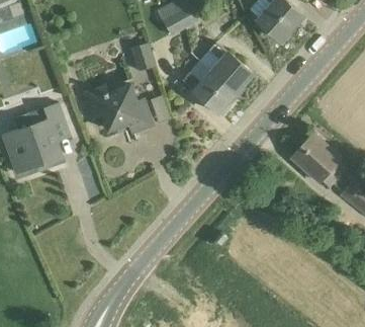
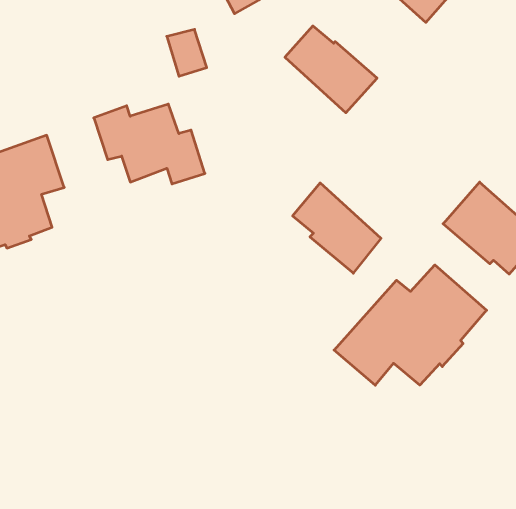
building: [183,60,235,112] -> [293,183,381,273]
building: none -> [334,265,487,385]

